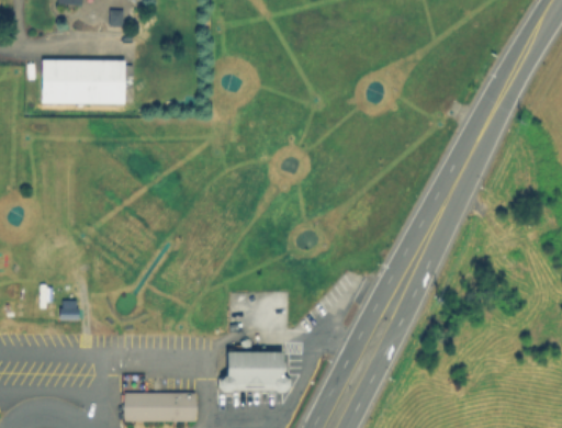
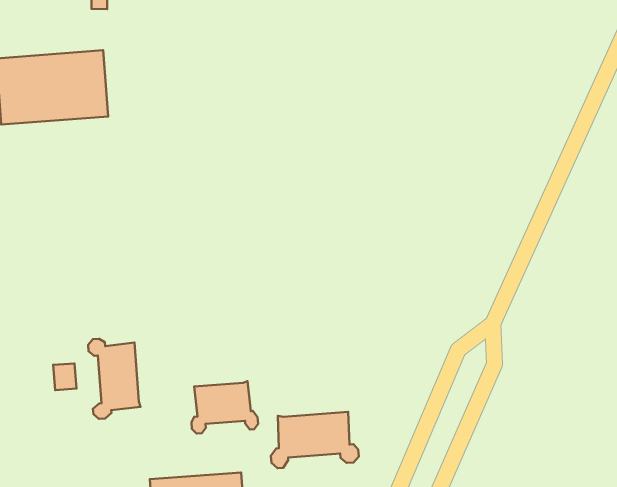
building: none -> [88,339,141,419]
building: none -> [191,381,258,434]

